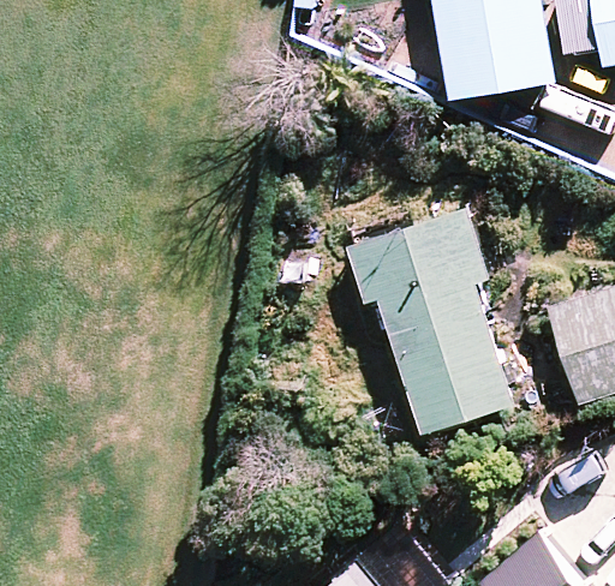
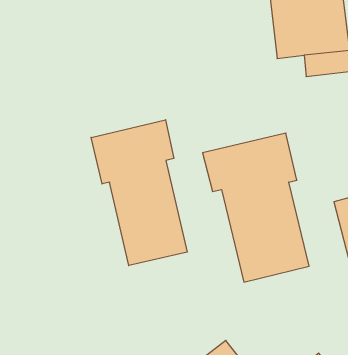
building: none -> [91,120,187,266]

